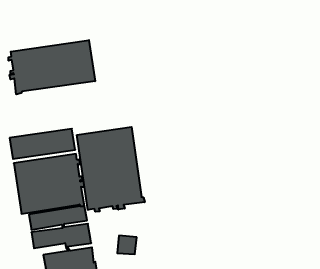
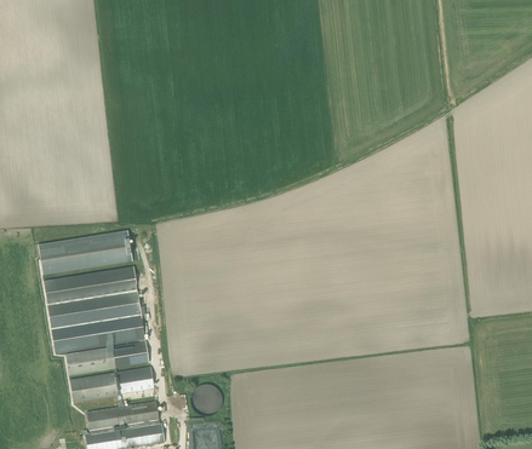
building: [8,40,95,94] -> none
building: [77,127,145,212] -> none

